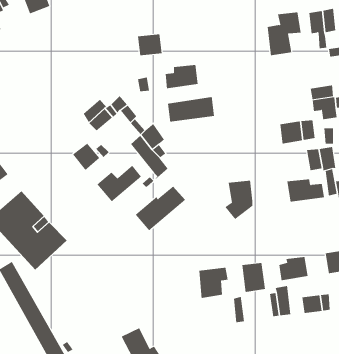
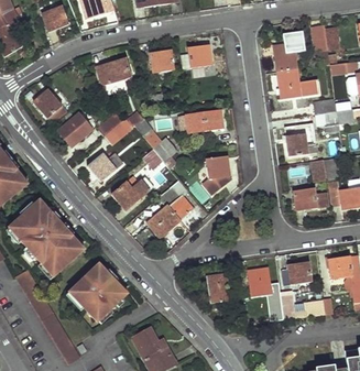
building: none -> [94,57,129,83]
building: none -> [276,68,319,98]
building: [165,65,199,89] -> [181,46,212,69]
building: none -> [35,89,66,123]
building: none -> [59,113,91,145]
building: [224,180,253,220] -> [201,156,229,194]
building: none -> [72,265,130,324]

